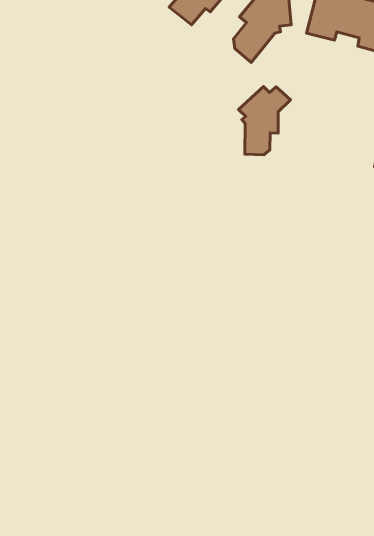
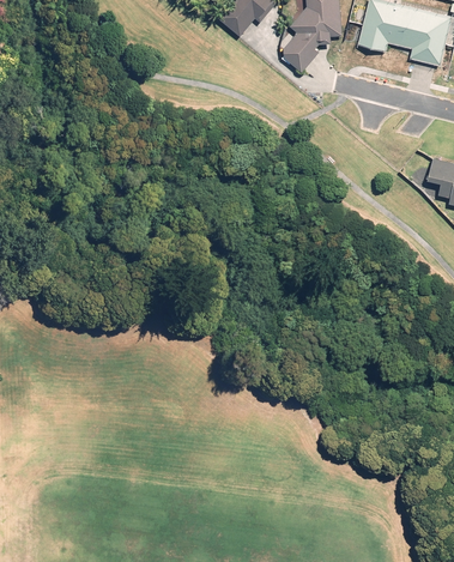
building: [238,87,291,155] -> none

